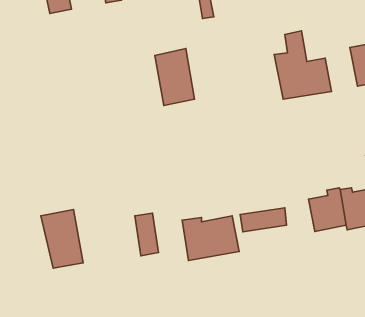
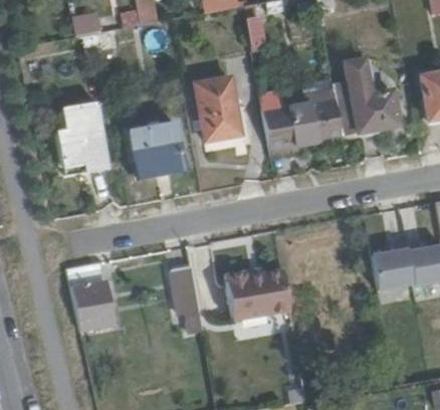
building: none -> [263,74,343,150]
building: none -> [56,104,108,174]
building: none -> [131,125,185,176]
building: [240,208,287,232] -> none

